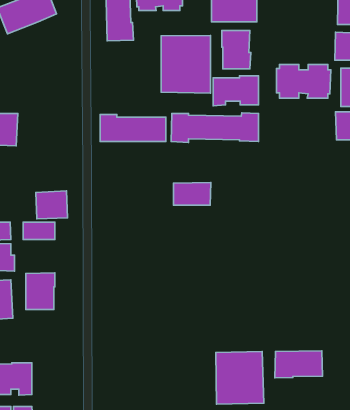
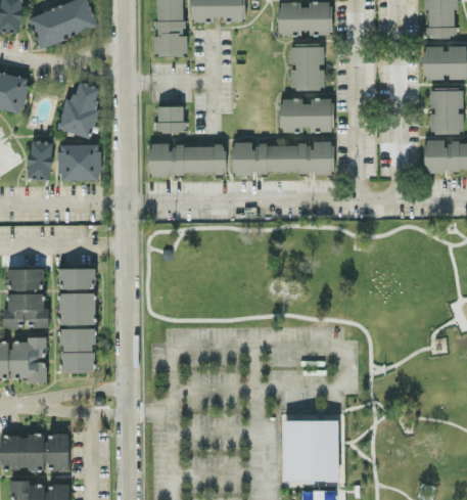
building: [161,36,211,93] -> none
building: none -> [57,82,100,139]
building: [276,64,331,98] -> none
building: none -> [155,106,185,132]
building: none -> [58,144,100,181]
building: [173,182,211,205] -> none
building: [36,191,67,219] -> [59,292,96,325]
building: [275,351,322,378] -> none

